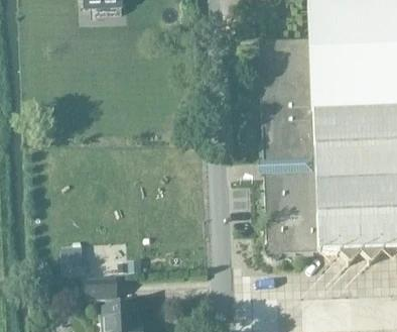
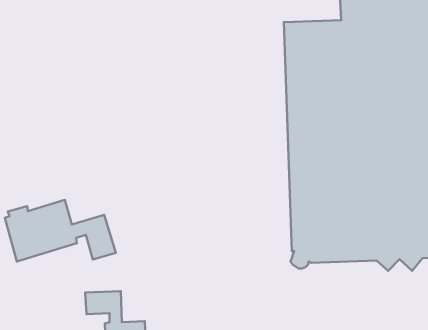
building: none -> [5,200,116,261]

